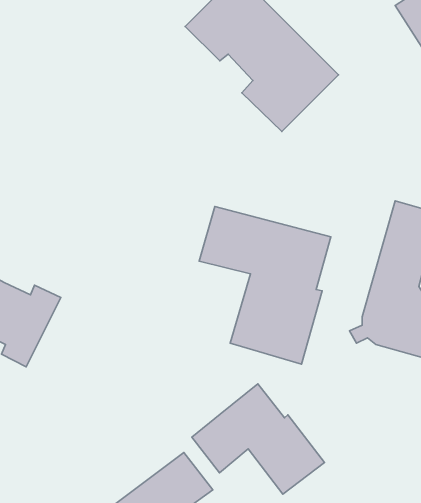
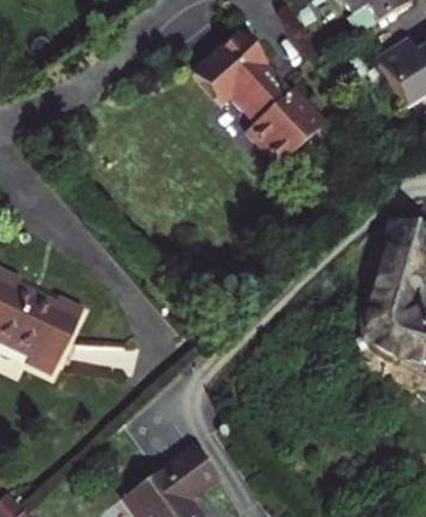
building: [199,206,331,364] -> none
building: [192,384,325,494] -> none

